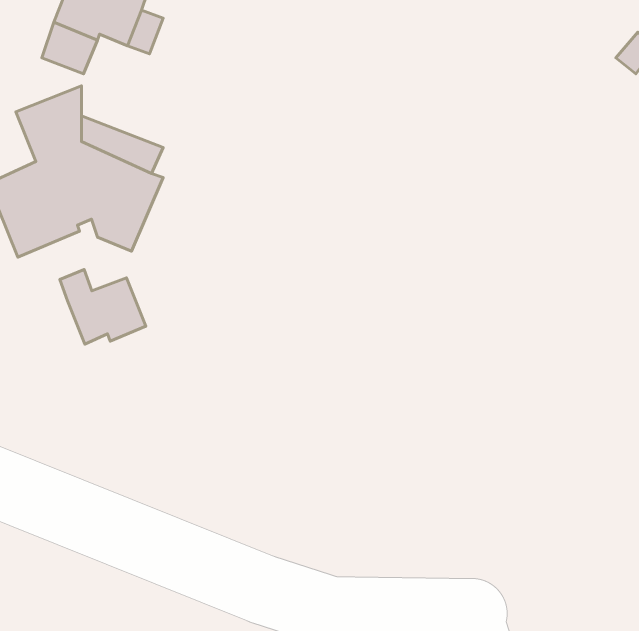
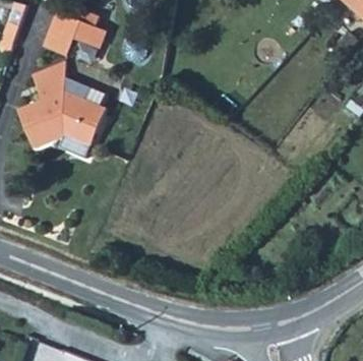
building: [60,269,146,344] -> none

